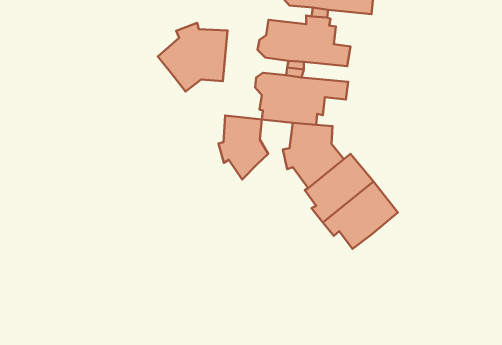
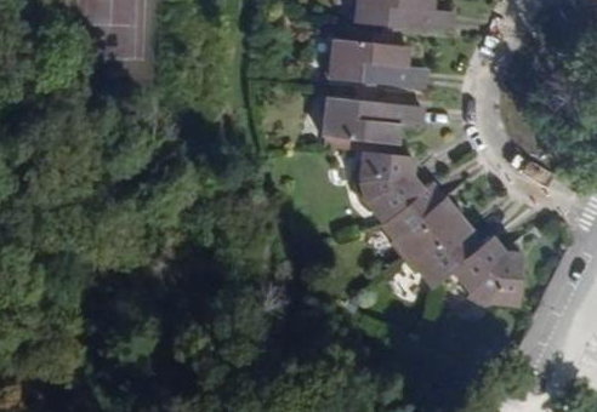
building: [158,23,228,91] -> none
building: [219,116,268,179] -> none
building: none -> [450,240,523,310]

